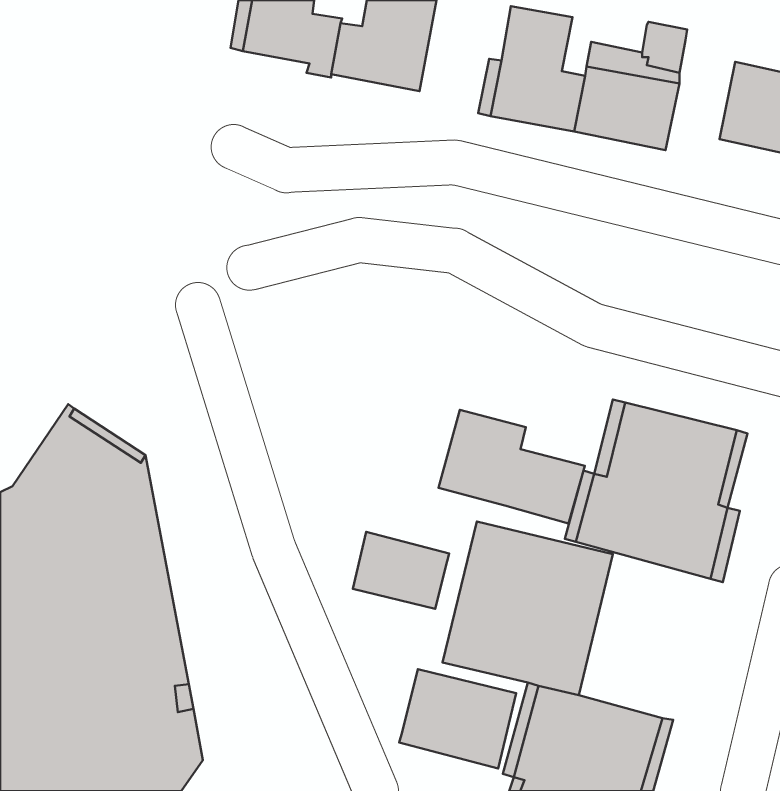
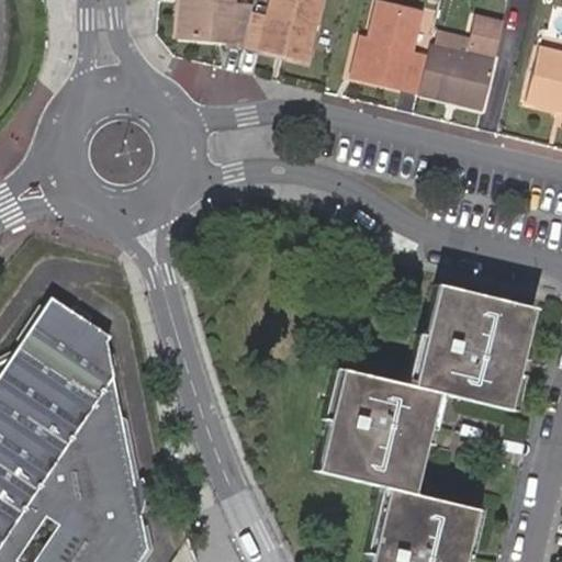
building: [439,410,585,523] -> none
building: [353,532,449,609] -> none
building: [399,669,516,768] -> none

